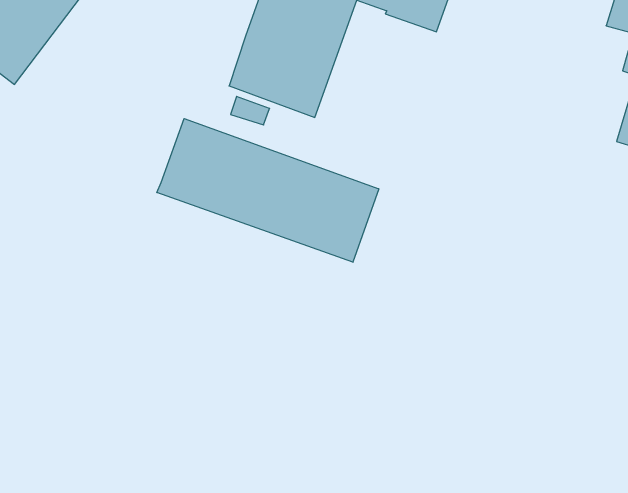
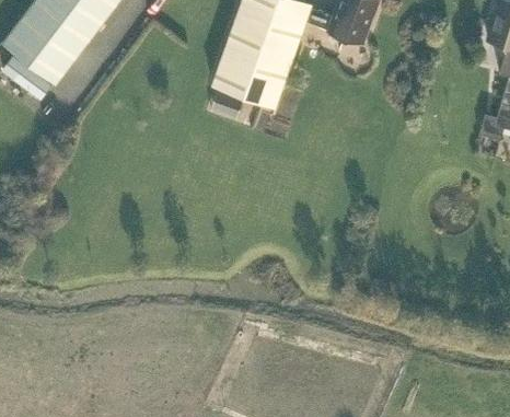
building: [157,119,379,262] -> none

